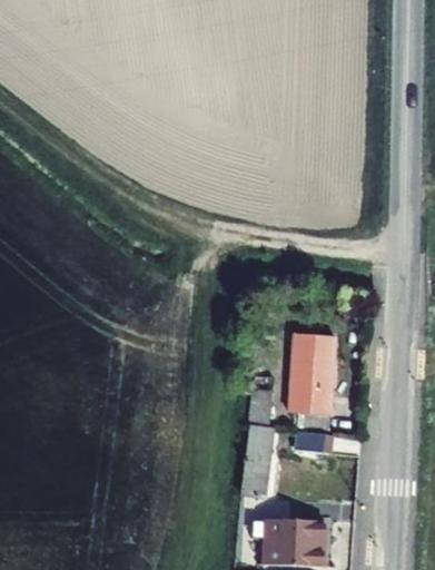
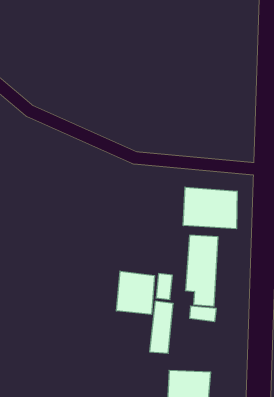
building: none -> [183,187,237,229]
building: none -> [116,271,155,314]

